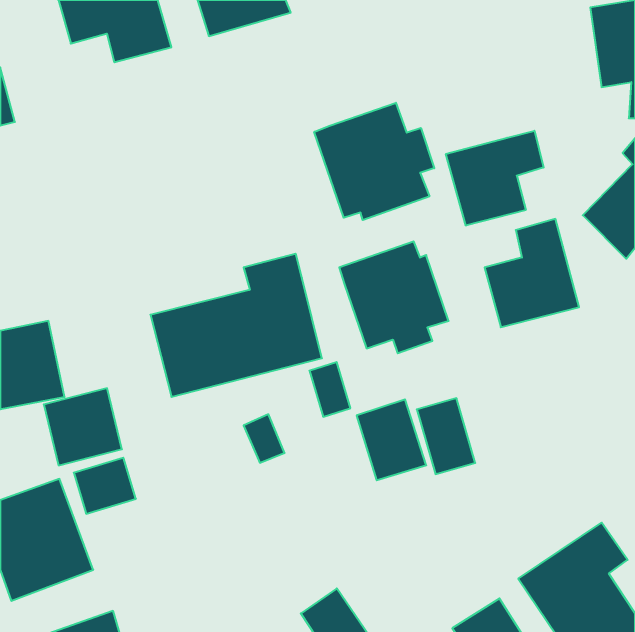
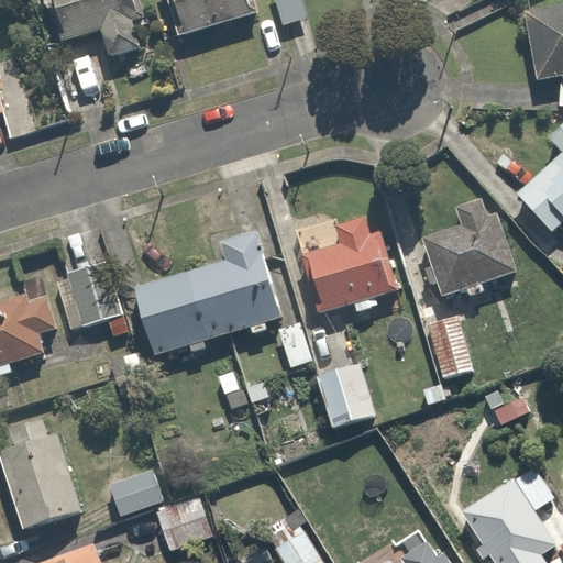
building: [314,103,434,220] -> none
building: [446,131,544,226] -> none
building: [44,388,122,465] -> [55,266,124,334]
building: [417,398,475,474] -> [427,313,478,380]
building: [74,458,136,514] -> [108,466,163,516]
building: none -> [156,497,212,552]

